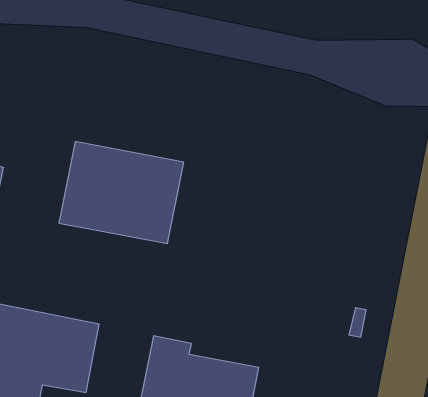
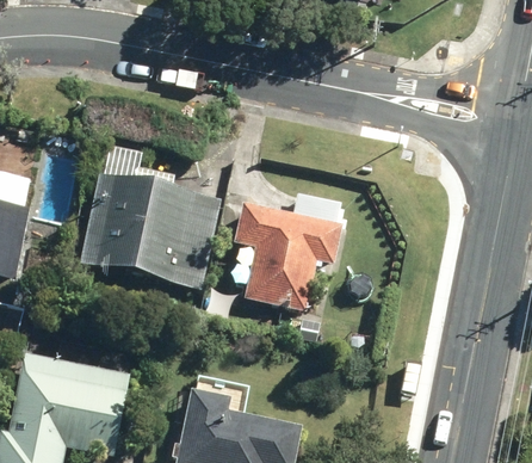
building: none -> [230,189,341,311]

